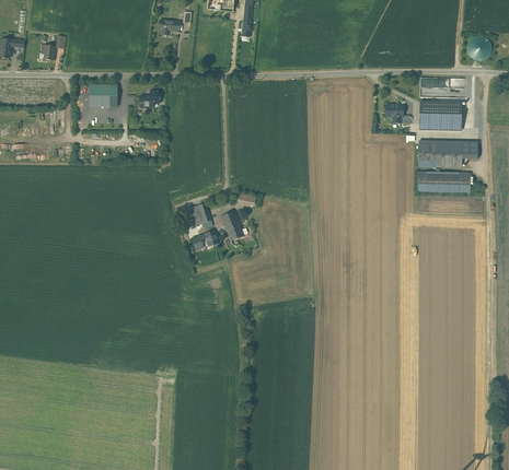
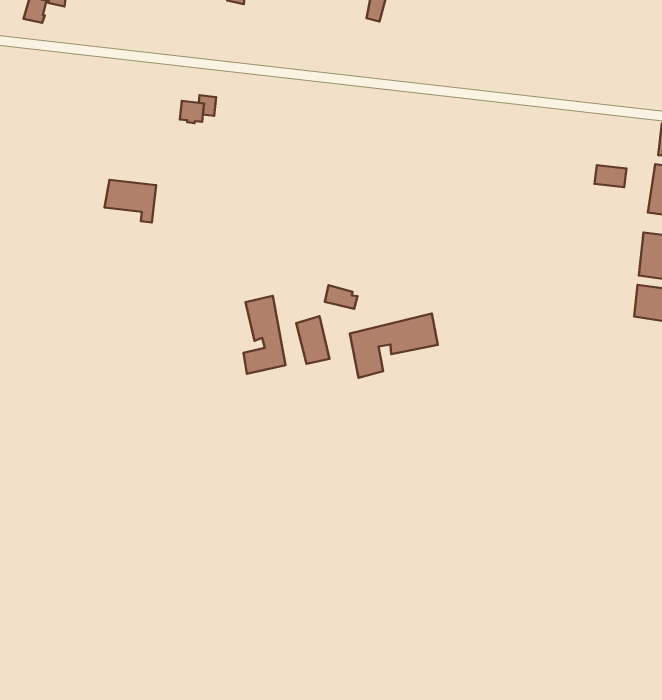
building: [89,84,117,106] -> [105,180,156,222]
building: none -> [350,314,438,378]

